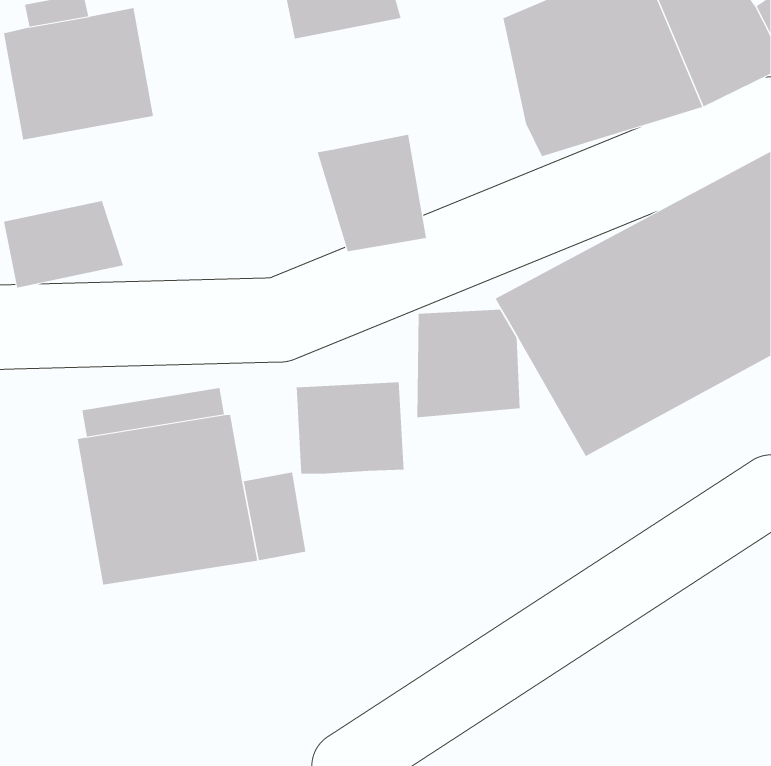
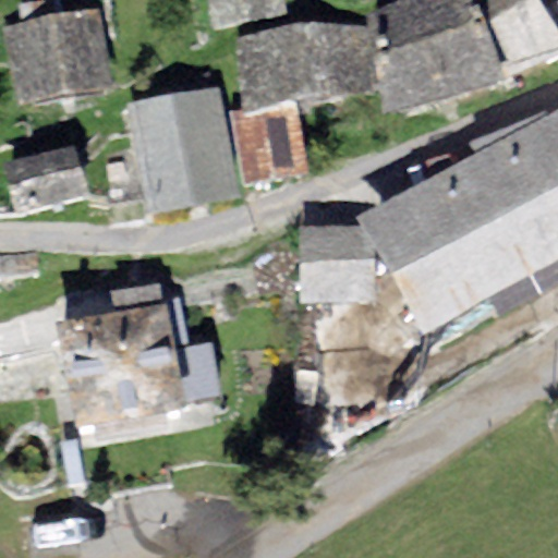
building: none -> [232,23,379,108]
building: none -> [129,83,240,211]
building: [296,381,404,475] -> none

